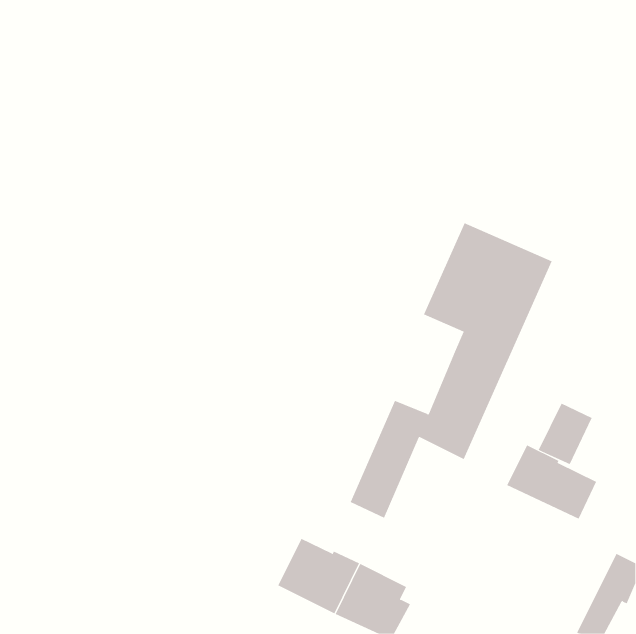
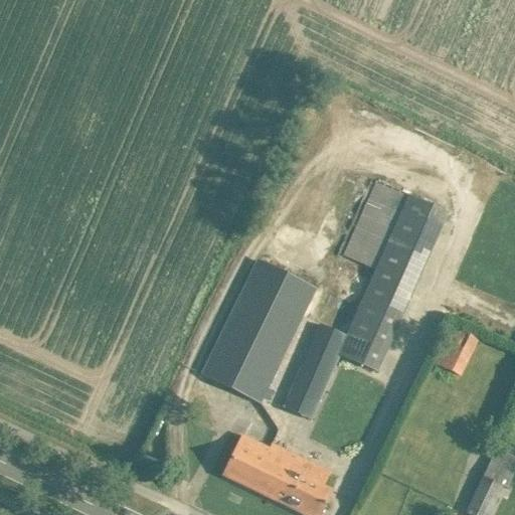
building: none -> [204,261,319,402]
building: [507,445,597,520] -> none

